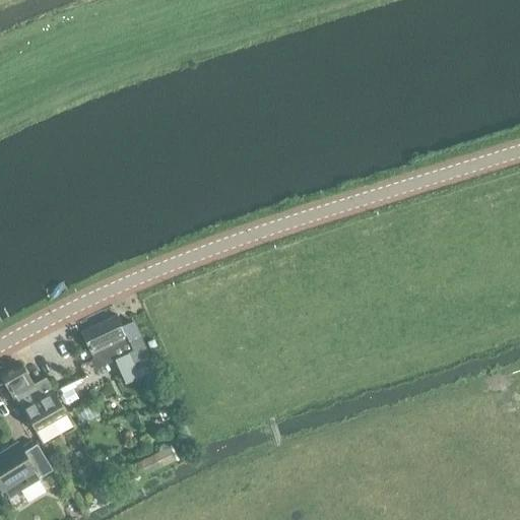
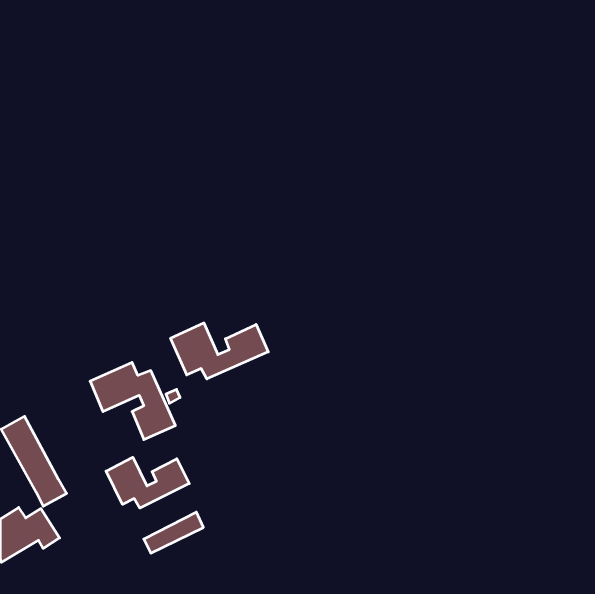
building: none -> [171,323,268,379]
building: none -> [106,457,189,508]

